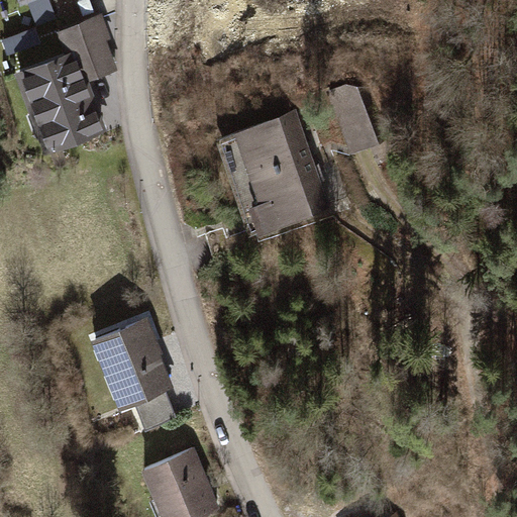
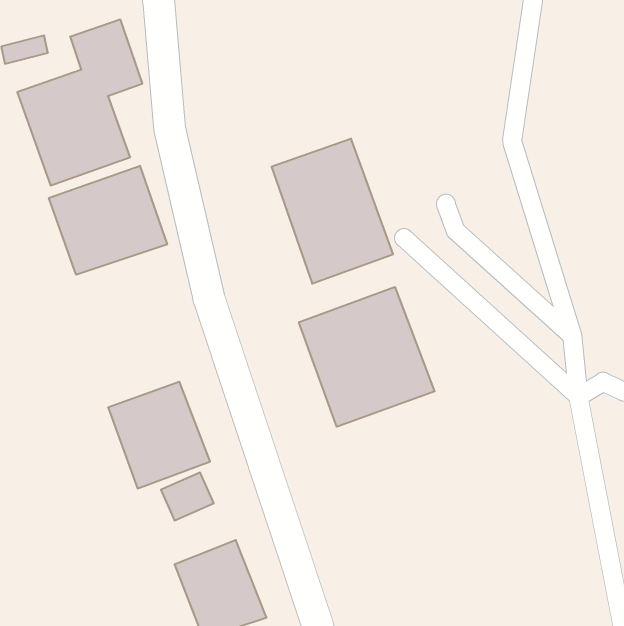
building: [327,82,378,153] -> none
building: none -> [49,166,167,275]
building: none -> [299,287,435,427]

